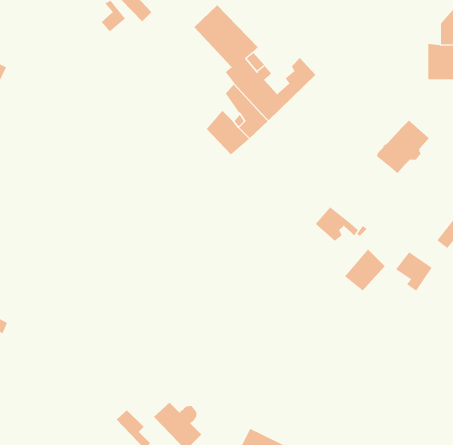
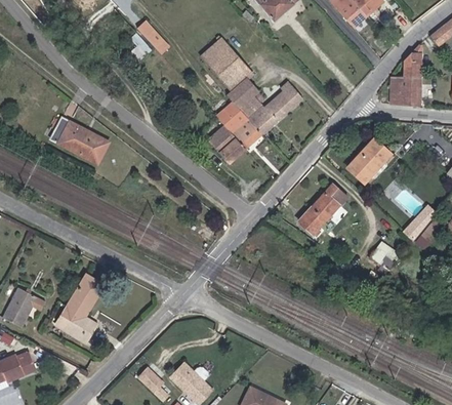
building: none -> [53,116,112,164]
building: [344,249,386,291] -> [313,181,346,216]
building: none -> [63,280,106,345]

